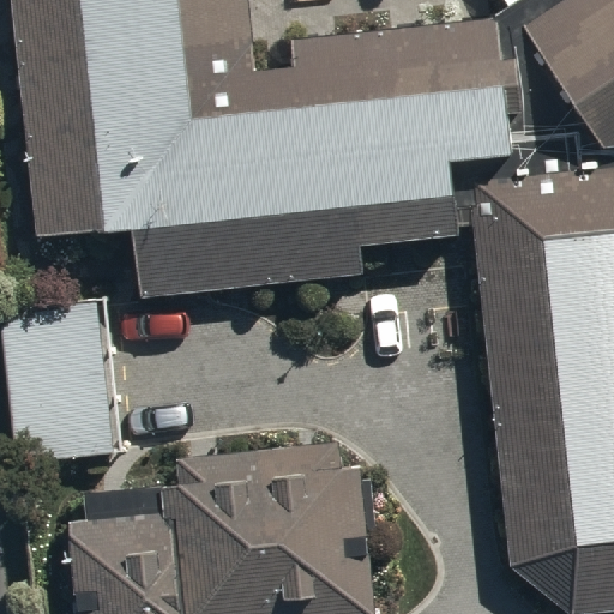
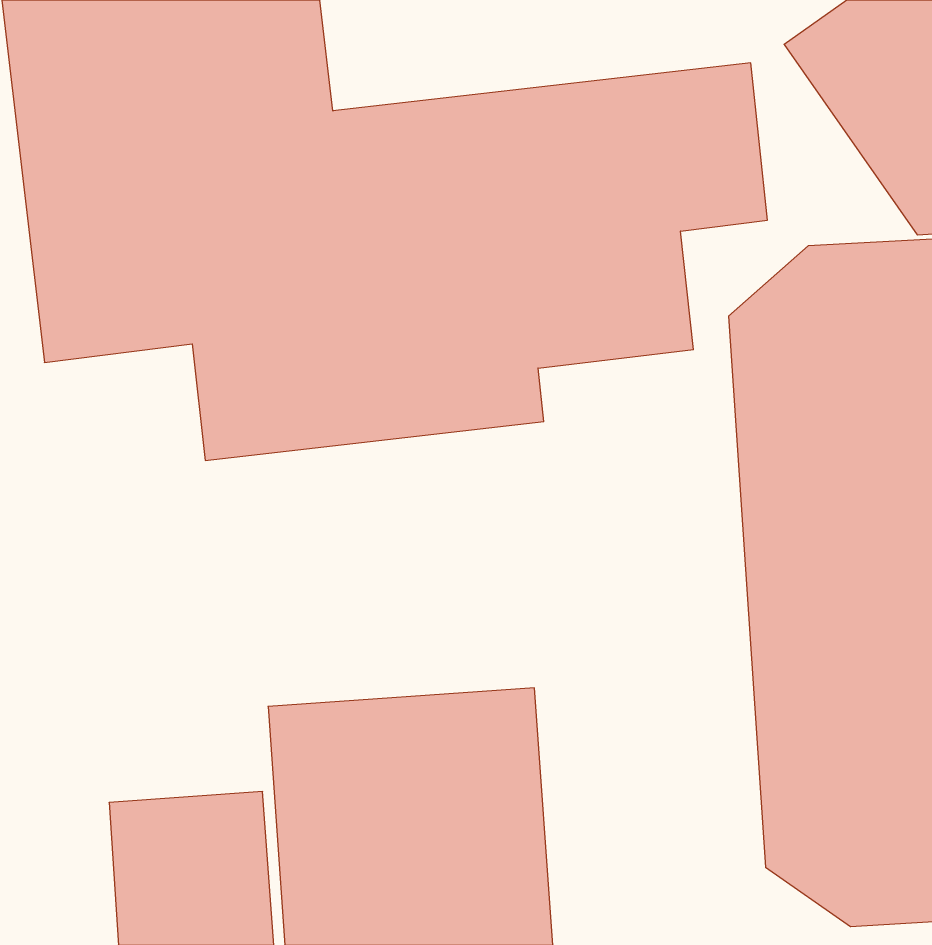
building: [13,306,114,460] -> none

